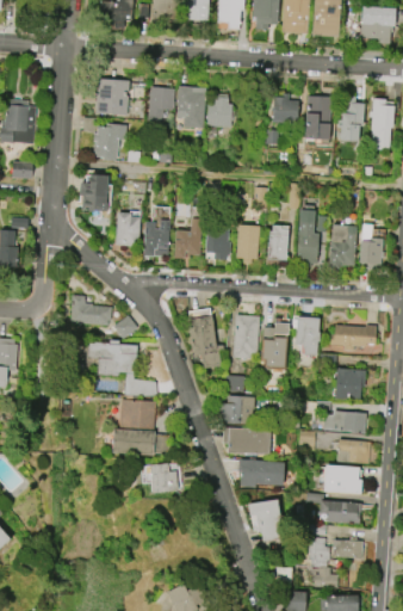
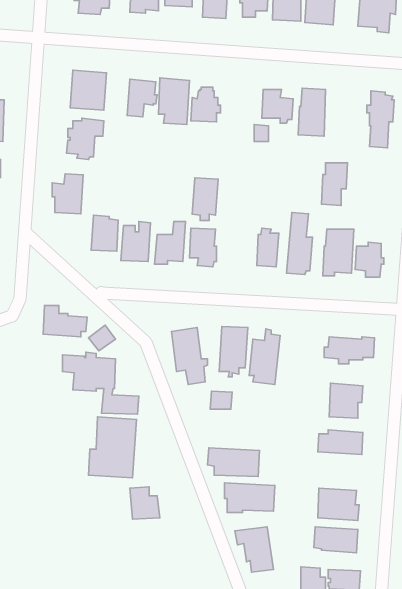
building: [340,103,364,142] -> [322,163,348,205]
building: [235,224,259,264] -> [192,178,218,220]
building: [292,316,320,356] -> none
building: [216,395,254,424] -> none
building: [336,439,370,464] -> none

